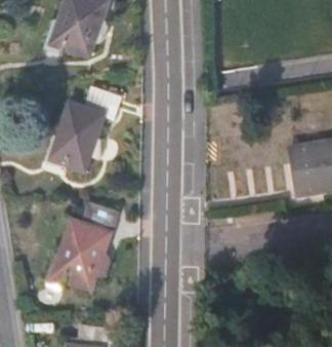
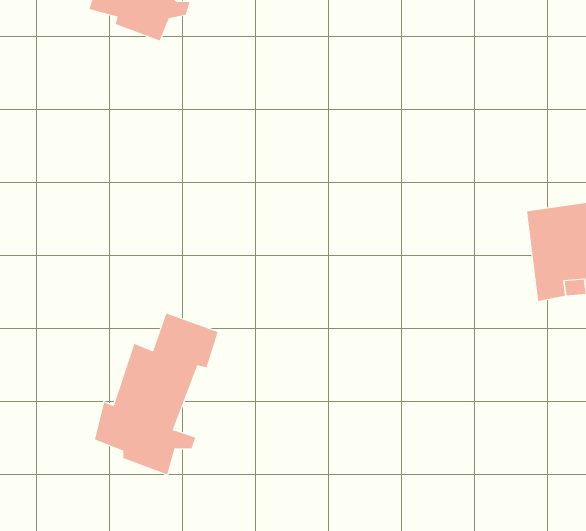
building: [48,87,122,169] -> none

